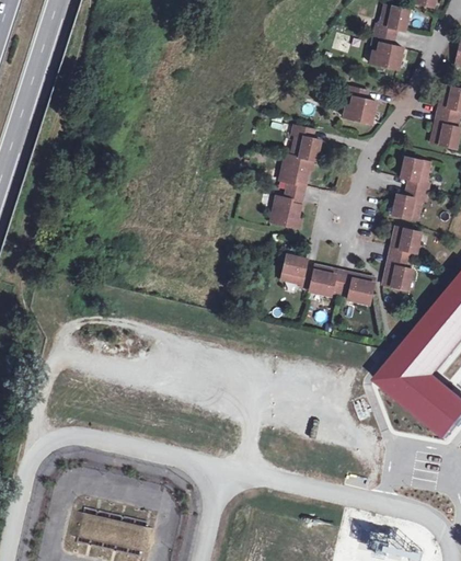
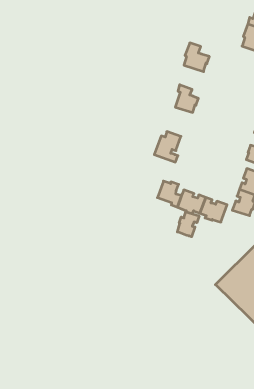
building: [343,87,376,123] -> [184,43,209,72]
building: [279,154,314,194] -> none
building: none -> [177,212,199,237]

